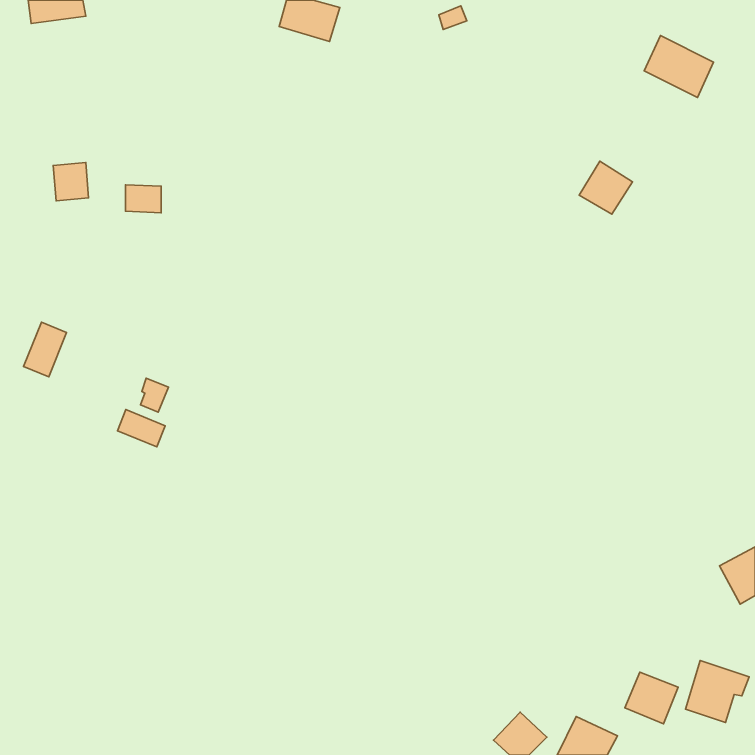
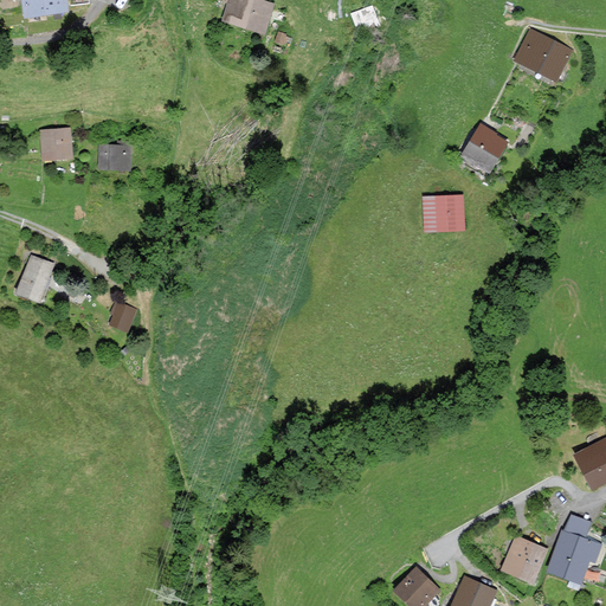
building: none -> [424,198,464,228]
building: [118,410,165,447] -> none

